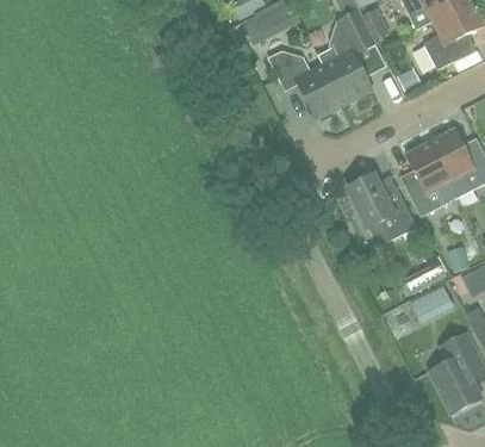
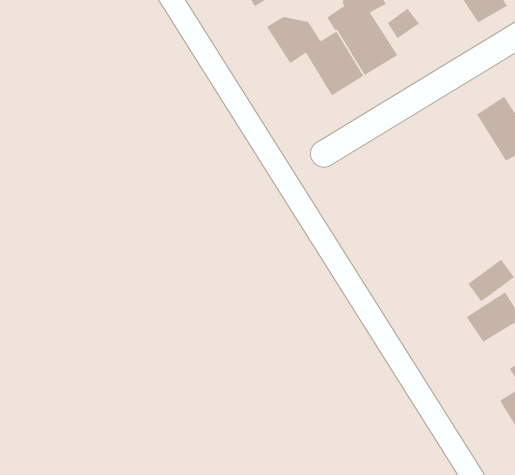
building: [405,141,450,216] -> none
building: [348,174,417,238] -> none

